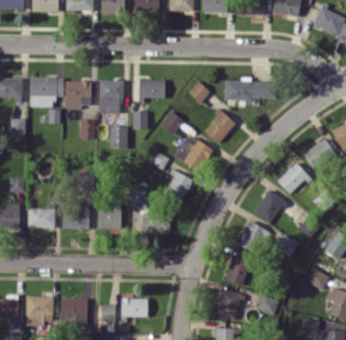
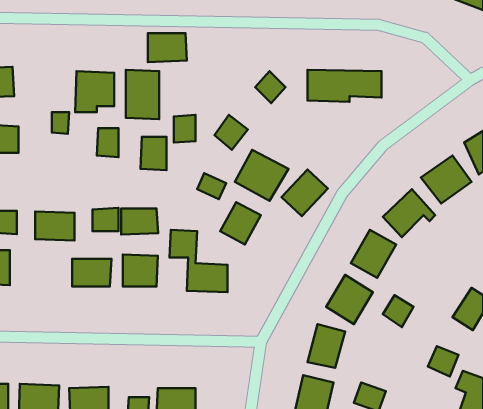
building: [29,78,63,107] -> none
building: [138,80,165,100] -> [148,33,187,62]
building: [203,111,235,143] -> [281,170,328,216]
building: none -> [121,208,158,234]
building: [27,208,54,228] -> [35,211,74,240]

